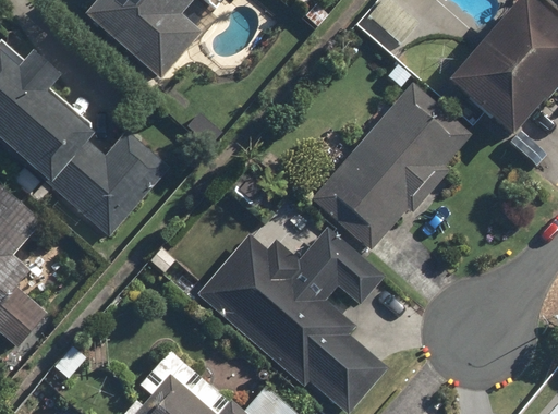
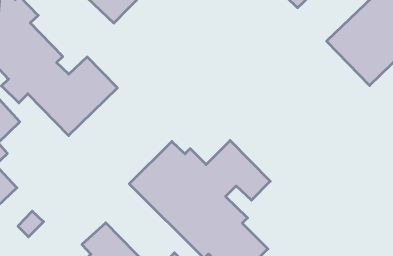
building: [311,81,472,249] -> none

